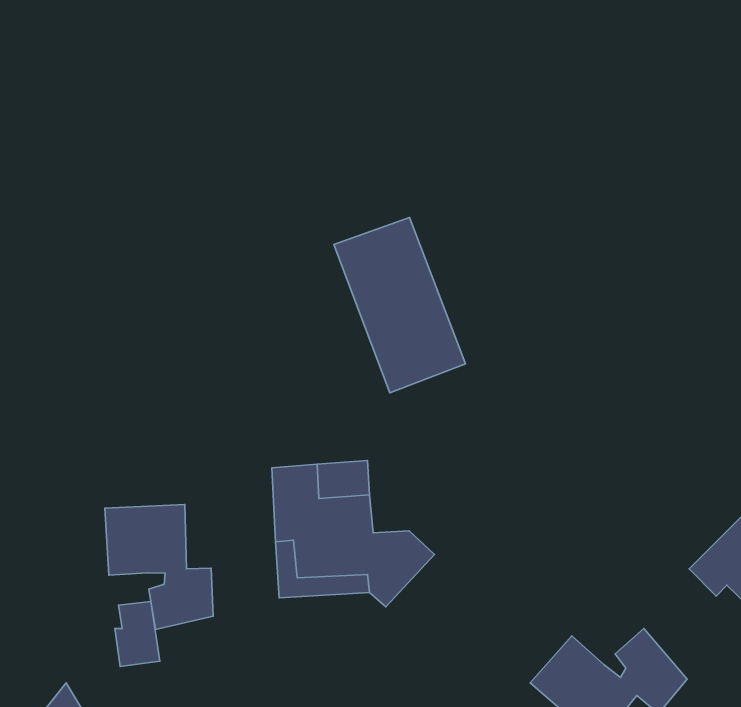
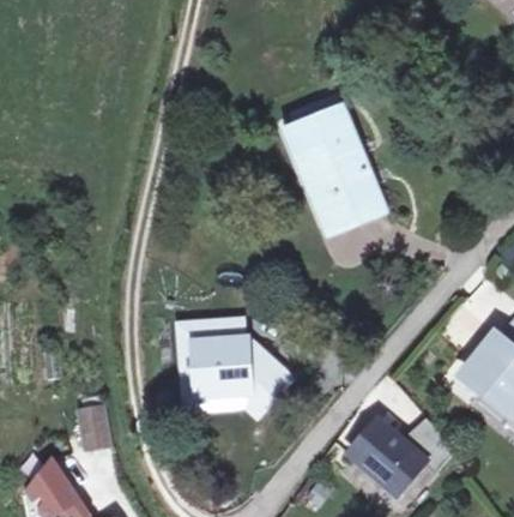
building: [334,217,466,393] -> [295,103,382,220]
building: [105,504,213,629] -> none

